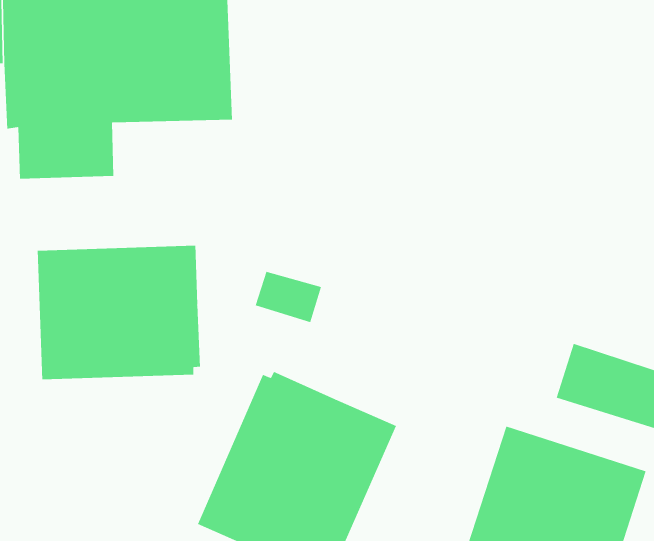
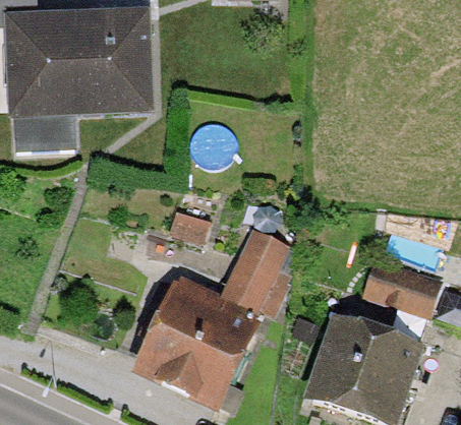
building: [37,245,200,380] -> none
building: none -> [222,226,291,311]

